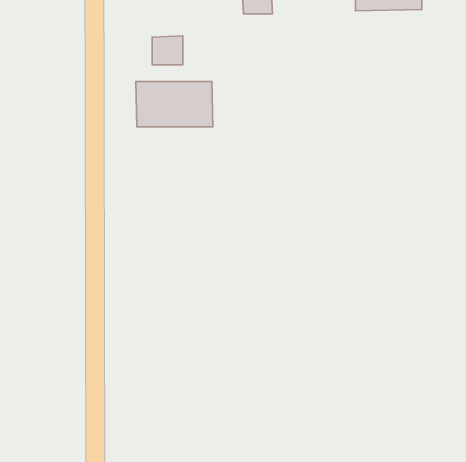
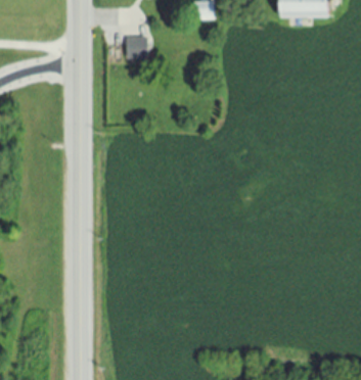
building: [136,82,213,127] -> none

